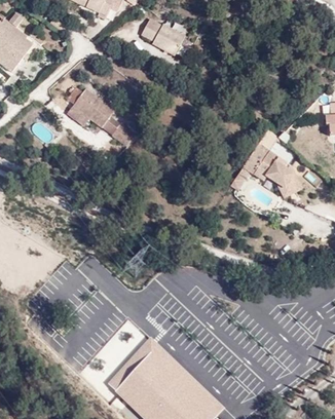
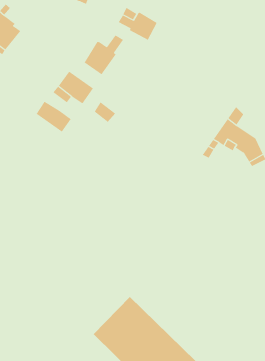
building: none -> [84,35,124,75]
building: none -> [36,101,71,132]

